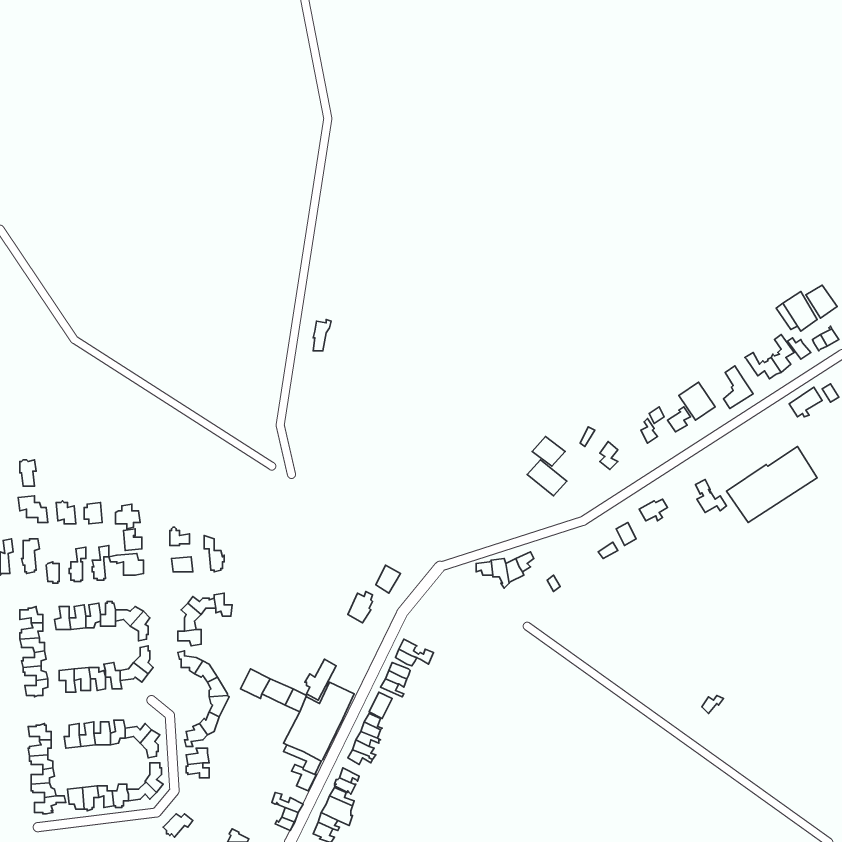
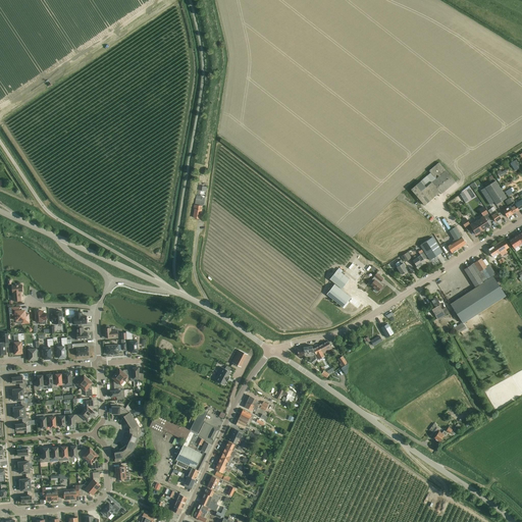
building: none -> [411,162,456,205]
building: none -> [464,258,495,286]

